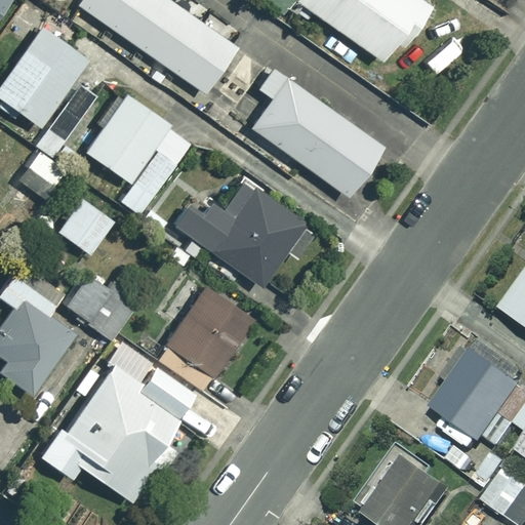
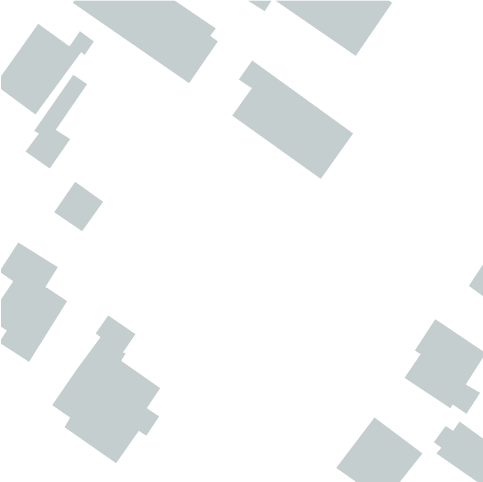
building: [85,94,192,215] -> none
building: [174,177,306,286] -> none
building: [66,272,136,340] -> none
building: [157,287,254,392] -> none
building: [135,368,192,420] -> none

